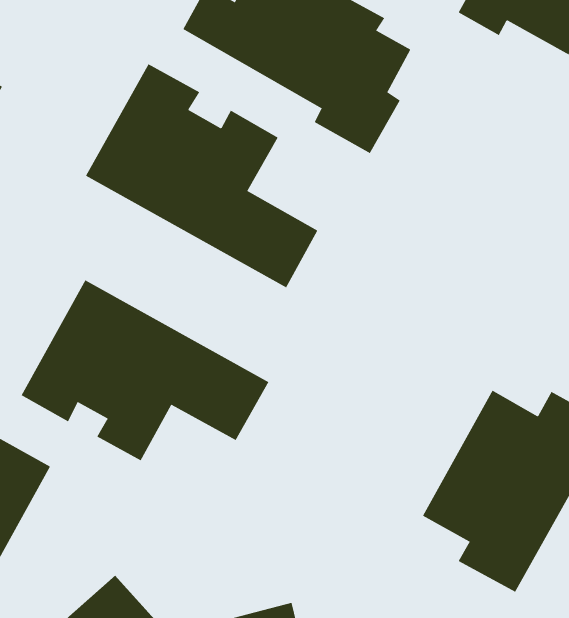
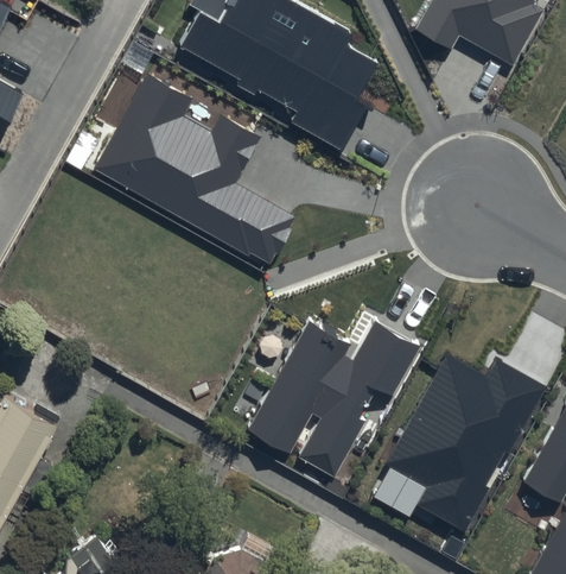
building: [21,279,269,461] -> none
building: none -> [246,318,421,475]

